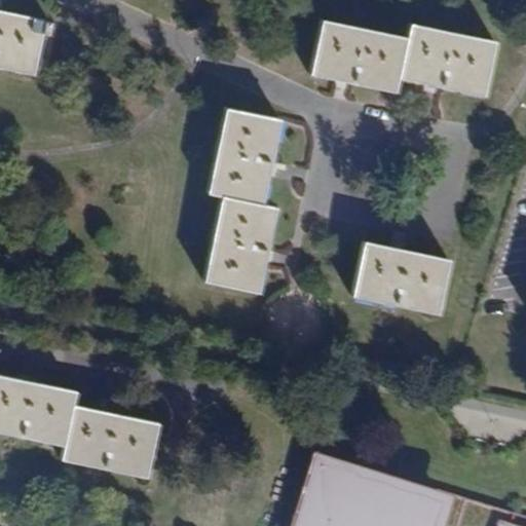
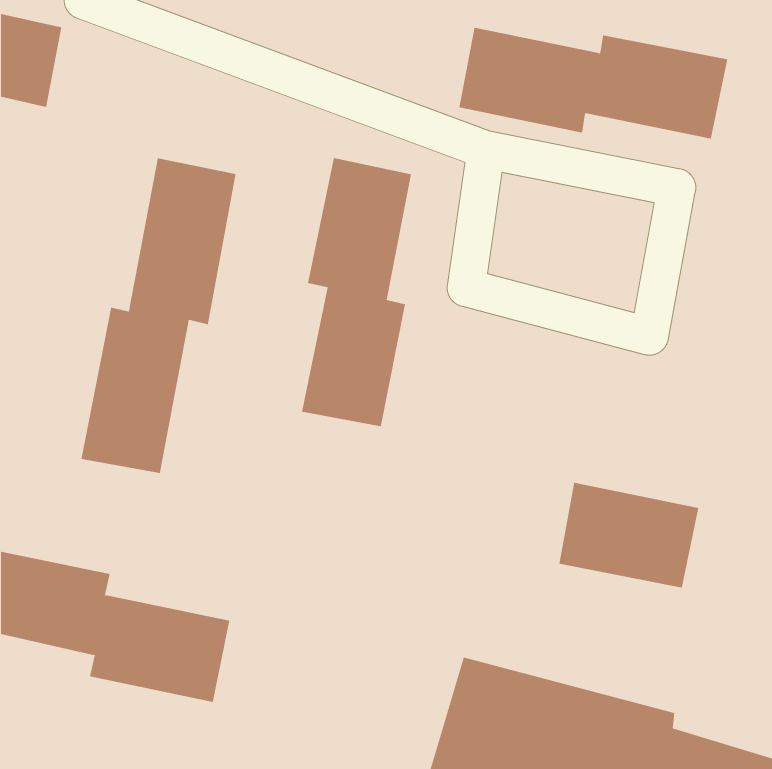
building: none -> [81,157,236,474]
building: [353,243,449,315] -> [558,482,699,588]

